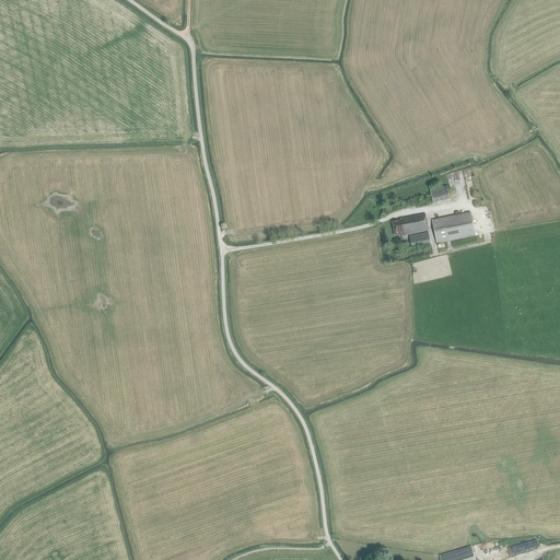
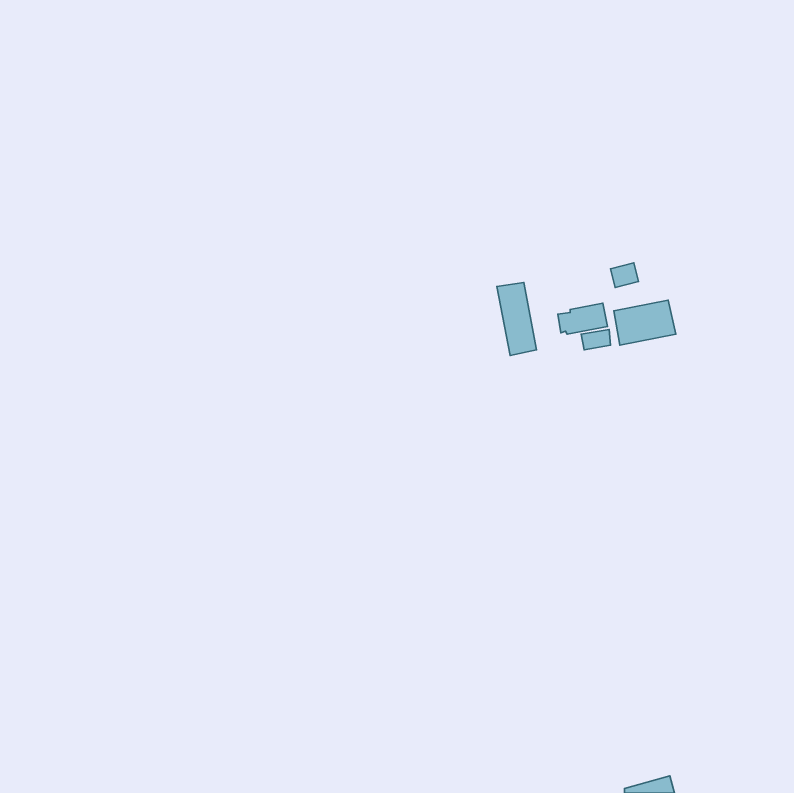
building: none -> [497,283,536,356]

